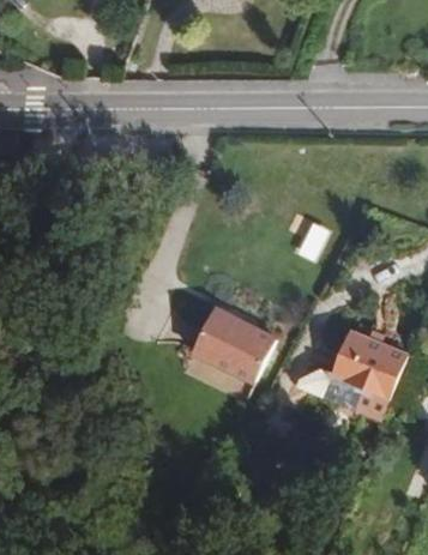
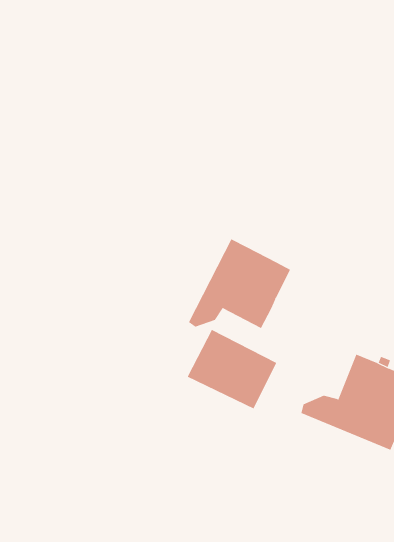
building: none -> [188,239,291,329]

